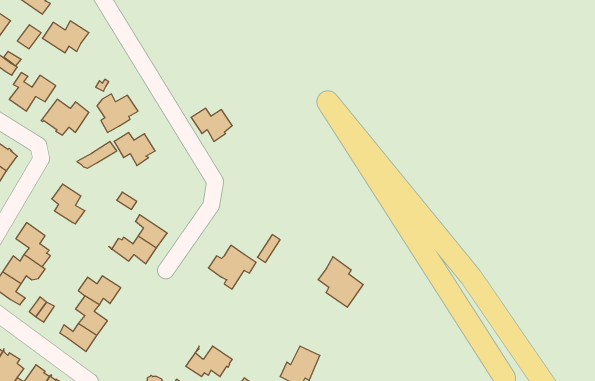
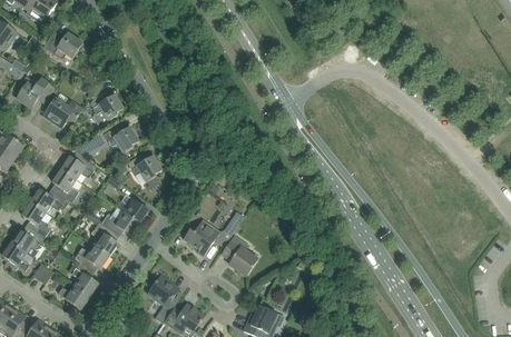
building: [191,108,232,141] -> [127,155,161,182]
building: none -> [60,155,96,179]
building: none -> [30,189,69,212]
building: none -> [91,221,118,256]
building: [318,257,363,307] -> [222,234,259,276]
building: none -> [147,276,178,323]

